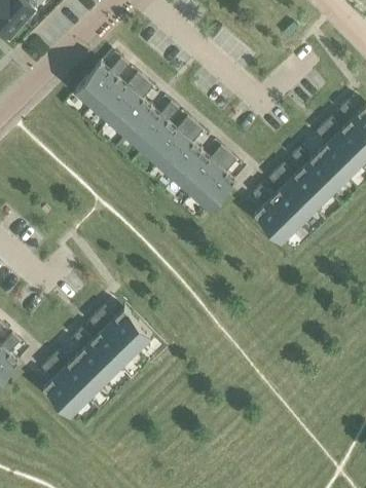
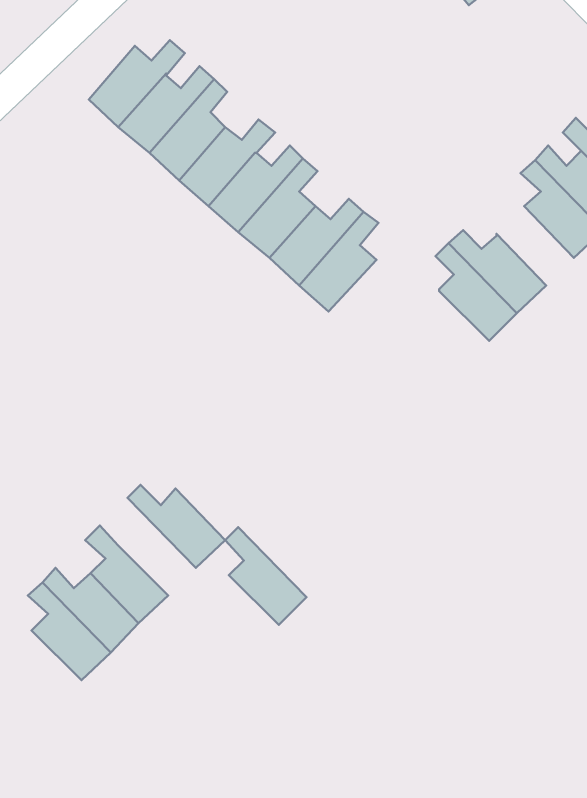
building: [290,150,344,196] -> none
building: [251,188,297,243] -> none
building: [88,314,134,369] -> [225,527,306,625]

